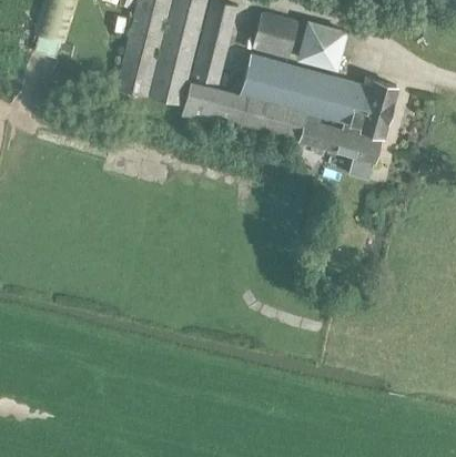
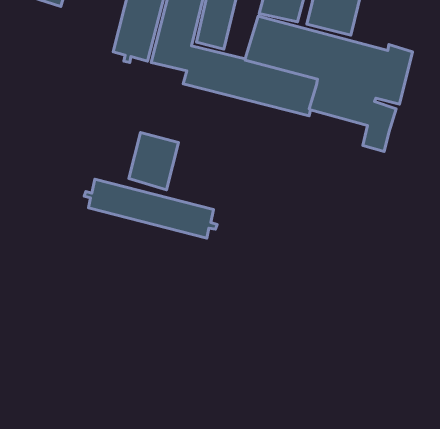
building: none -> [129,132,179,190]
building: none -> [84,179,217,238]

